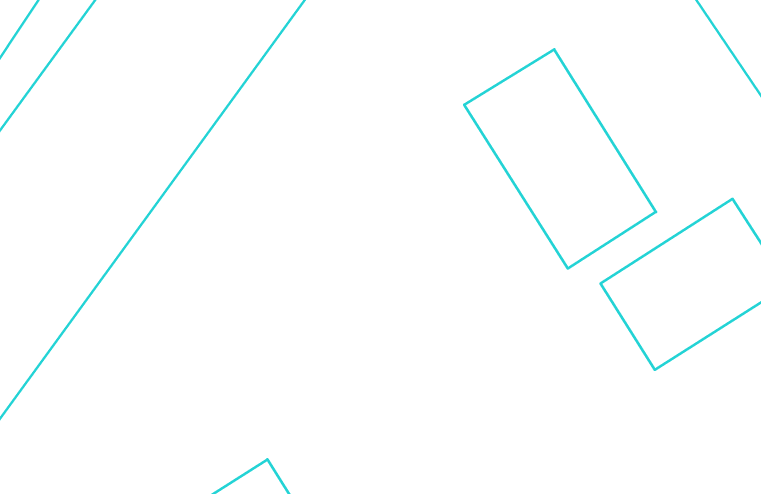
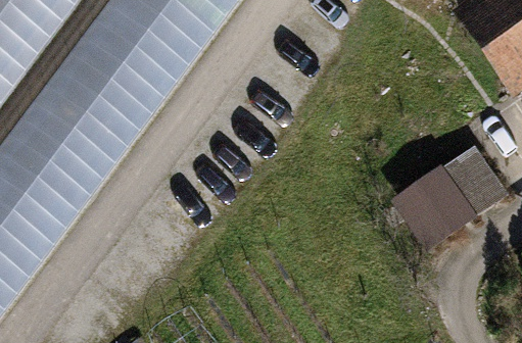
building: [464,49,656,268] -> none

